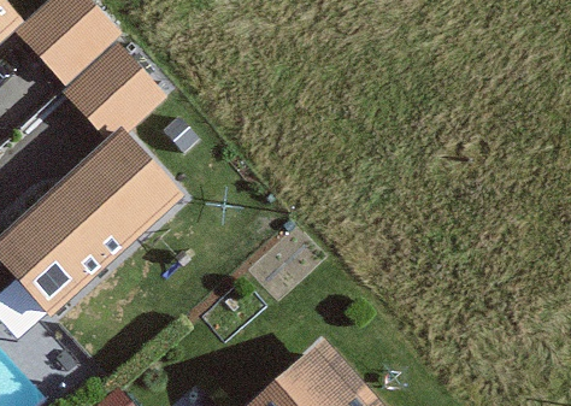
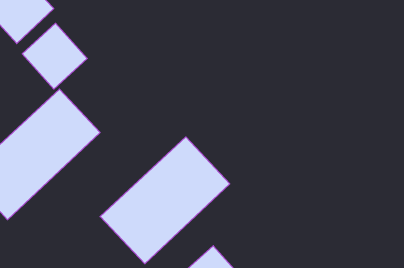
building: none -> [100,137,230,264]

